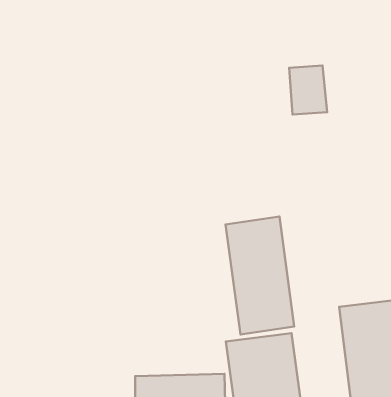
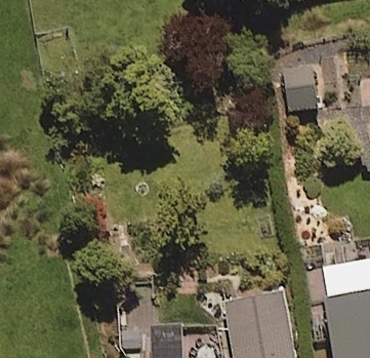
building: [226,217,294,334] -> none

